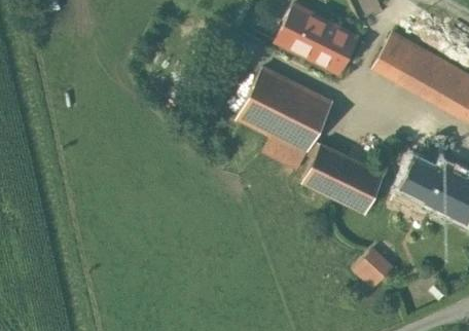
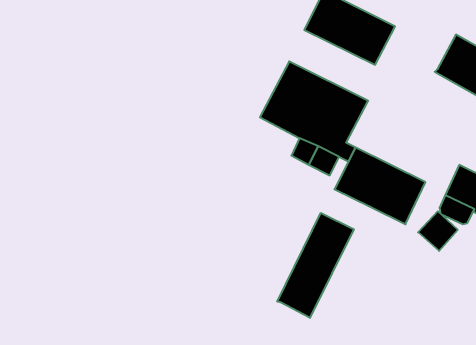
building: [374,34,410,77] -> none
building: none -> [277,213,354,318]
building: [356,251,391,286] -> [418,211,458,251]

